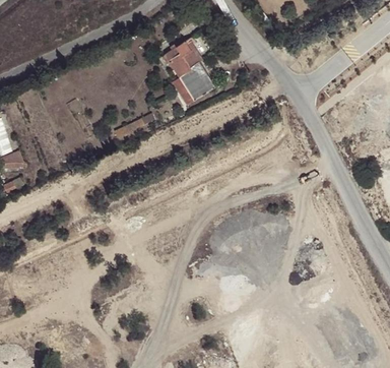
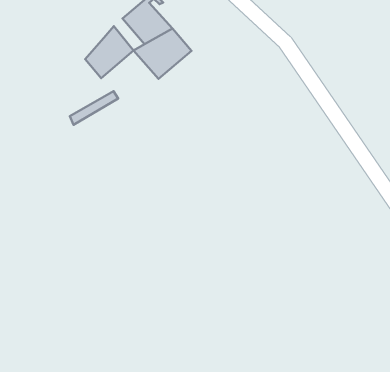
building: none -> [85,26,134,78]

